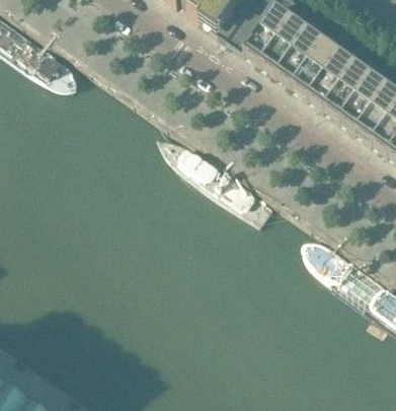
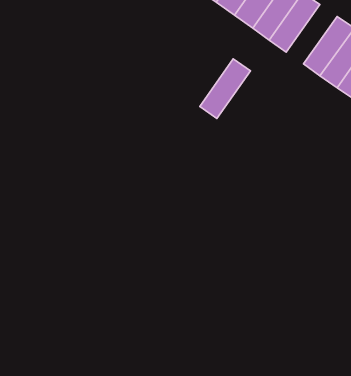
building: [307,45,354,100] -> [200,59,250,118]

